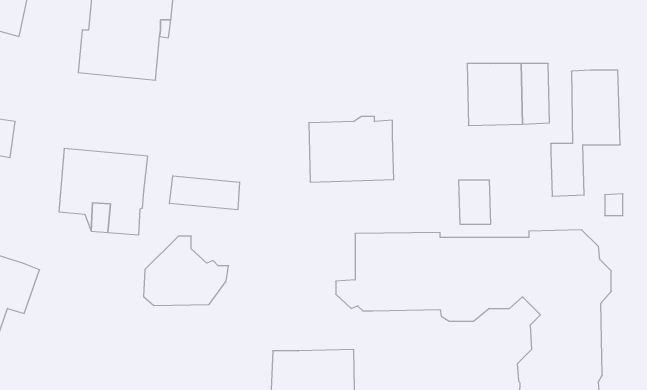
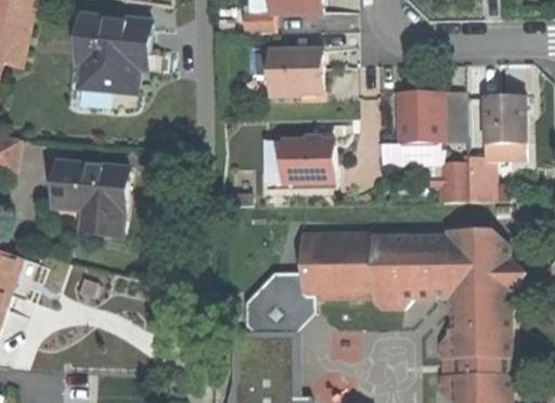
building: none -> [250,44,322,100]
building: [169,176,240,210] -> none
building: [459,180,491,224] -> [441,165,468,202]
building: [144,236,229,306] -> [246,273,318,332]

